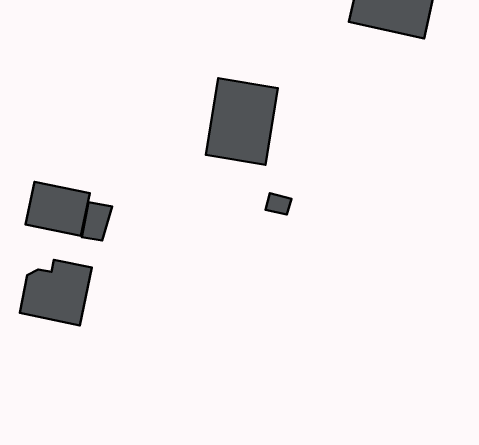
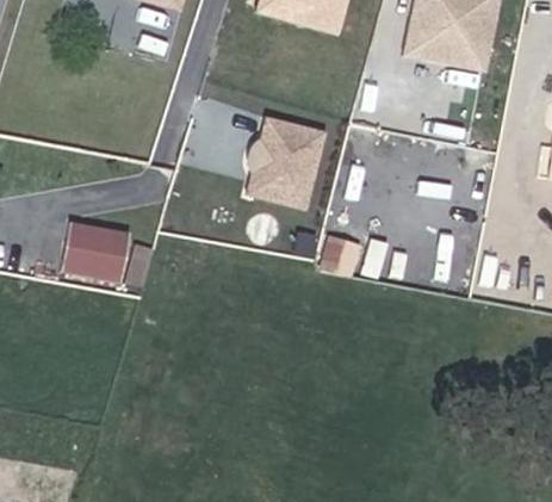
building: [20,260,92,325] -> none

